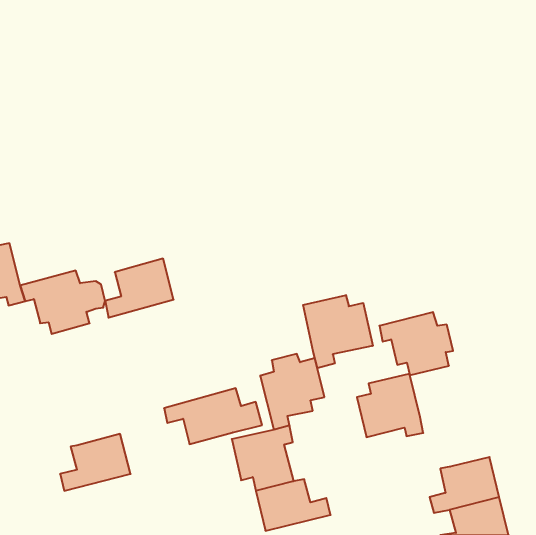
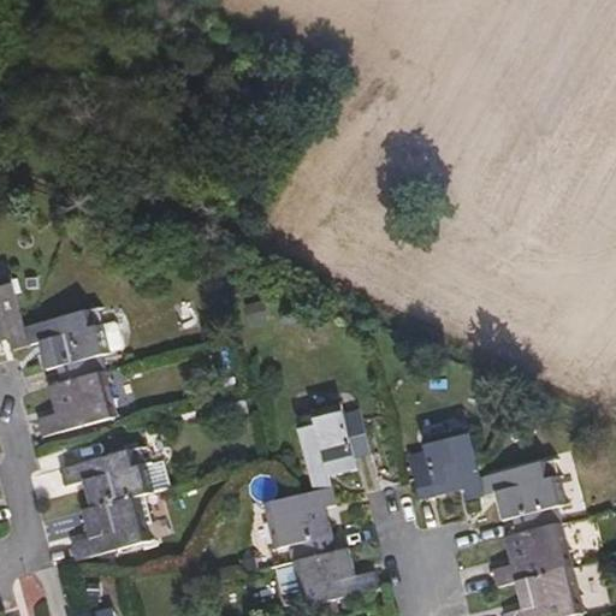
building: [105,259,174,318] -> [36,369,114,437]
building: [303,295,373,368] -> none
building: [379,312,453,375] -> [480,461,564,533]
building: [164,388,262,444] -> [59,445,171,509]

